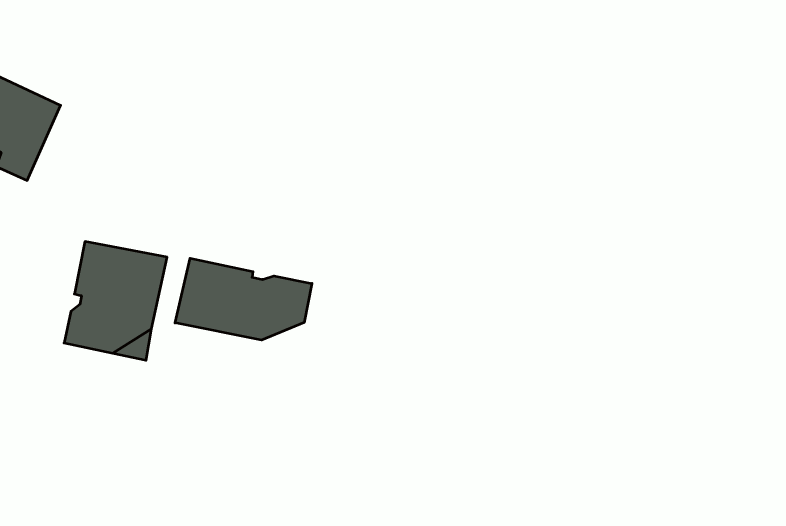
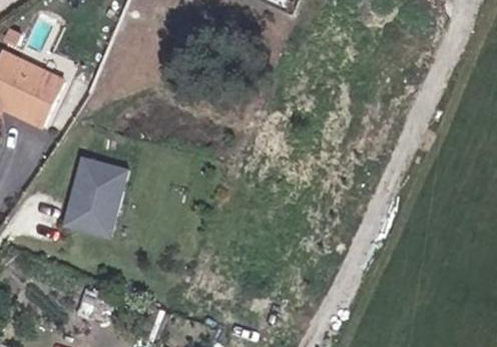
building: [175,258,312,340] -> none

